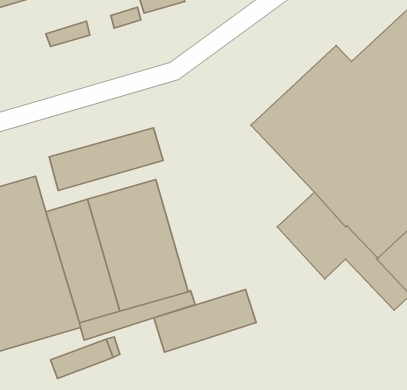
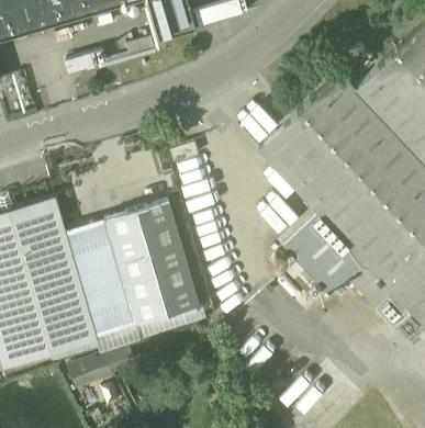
building: [49,128,163,191] -> none
building: [154,289,256,352] -> none

